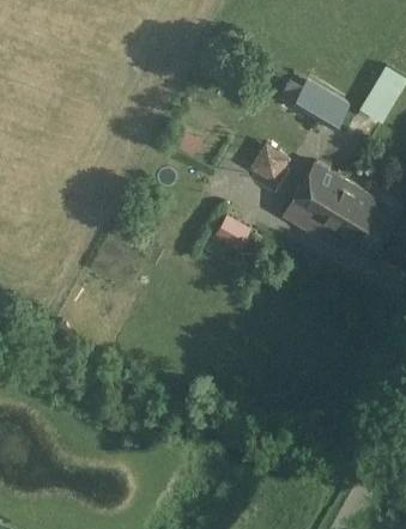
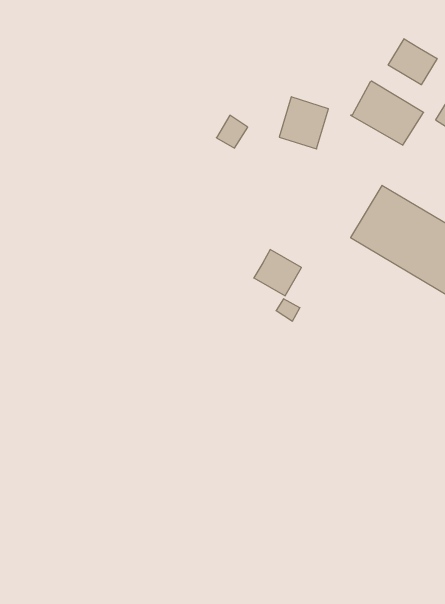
building: none -> [388,39,437,85]
building: [249,141,289,183] -> [279,97,328,149]

